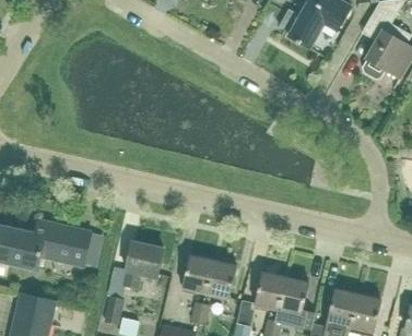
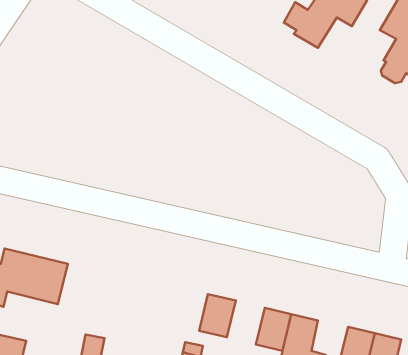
building: [123,241,164,287] -> none
building: [183,254,213,291] -> none

